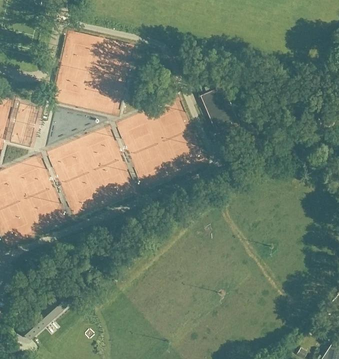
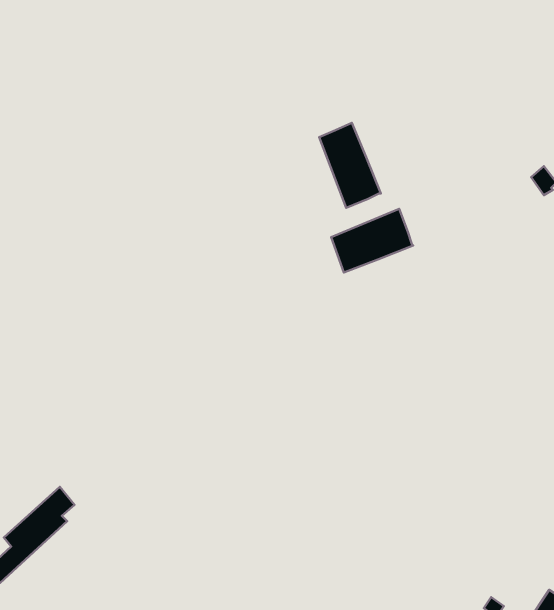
building: none -> [331,209,413,272]

